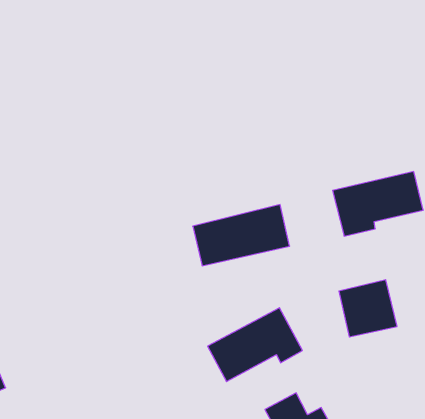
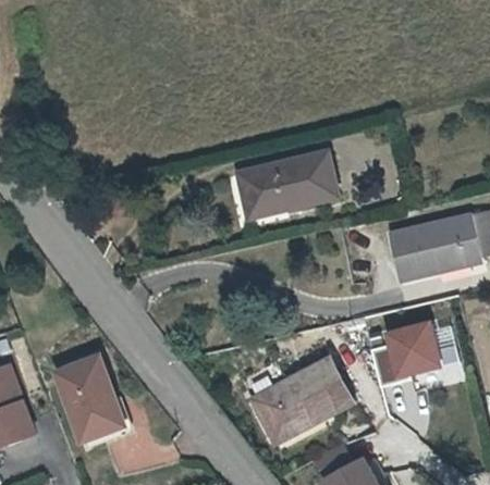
building: [193,205,290,266] -> [234,151,335,215]
building: none -> [59,362,125,446]

